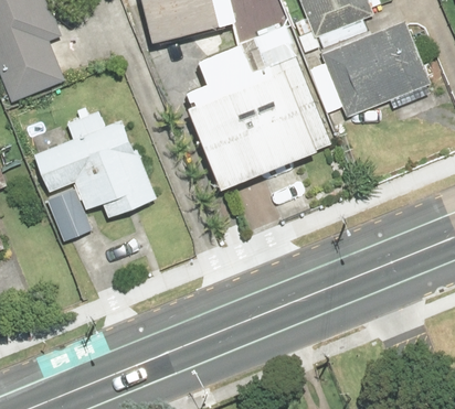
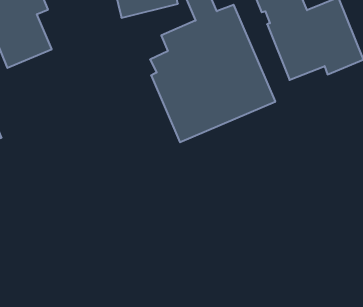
building: [31,110,157,241] -> none

